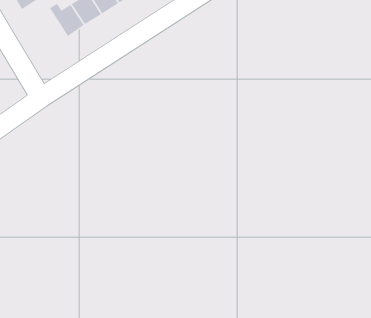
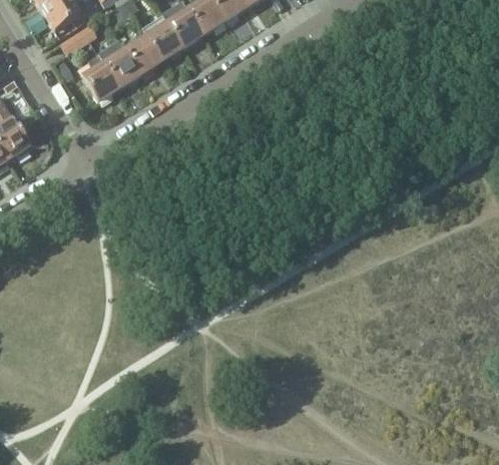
building: none -> [83,54,121,101]

